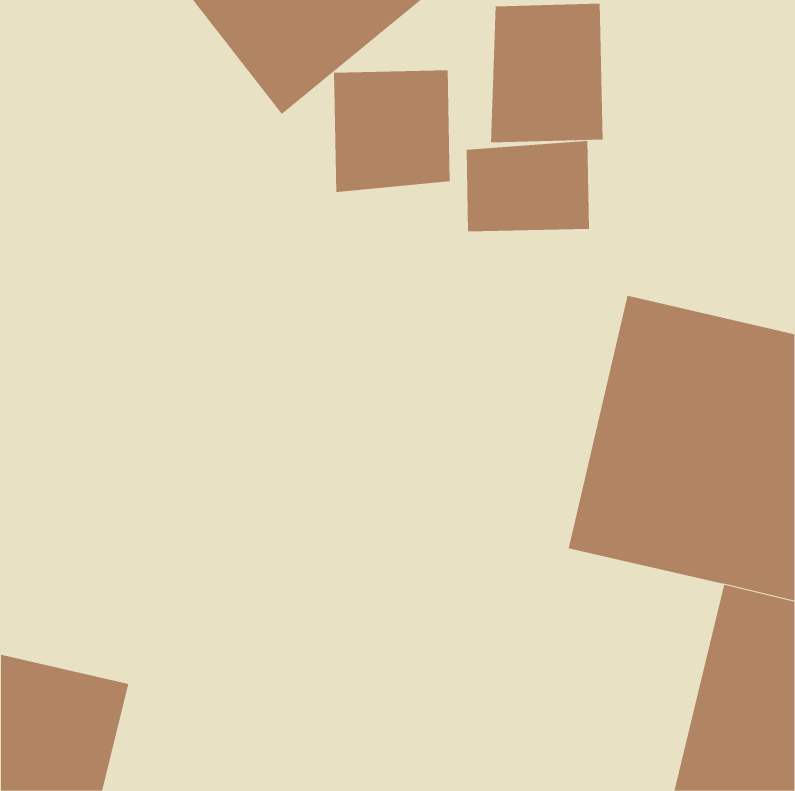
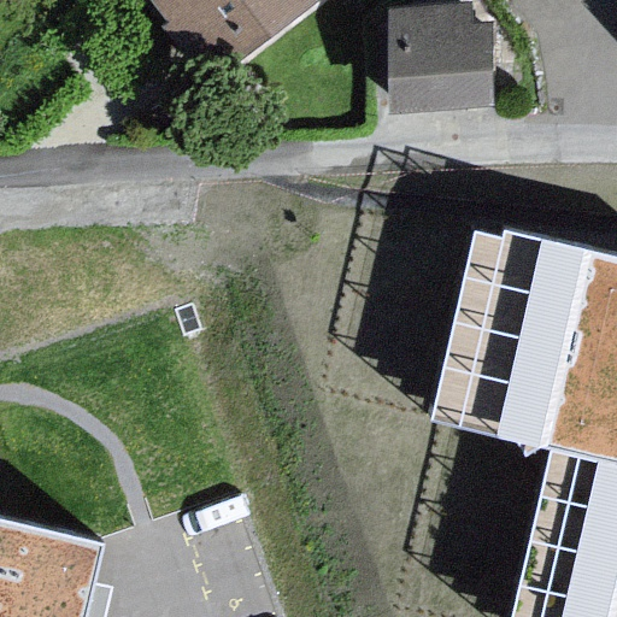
building: [333,70,450,193] -> none
building: [466,140,590,232] -> none

